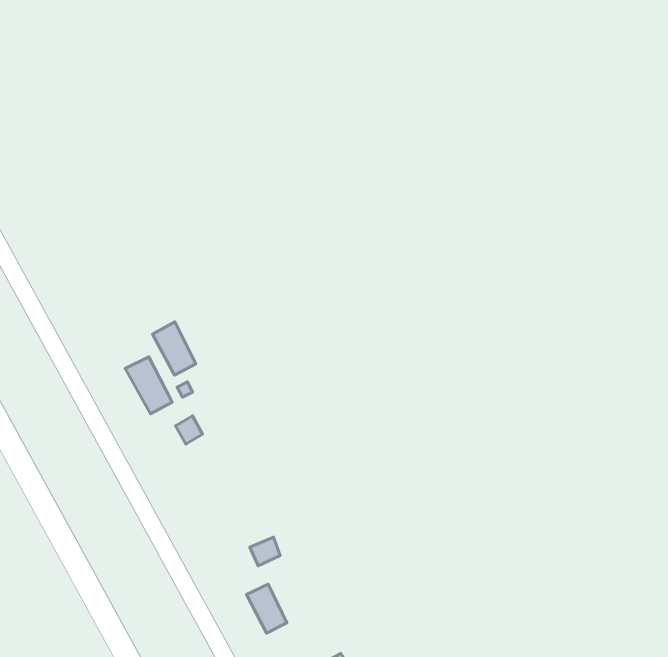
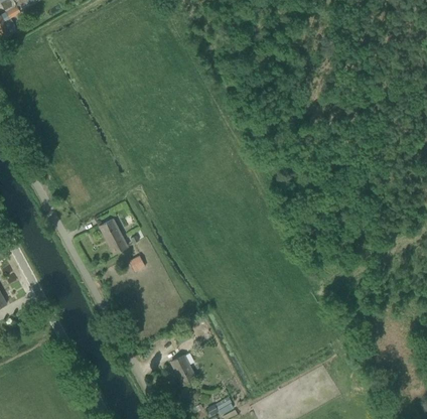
building: [152,322,196,375] -> none

